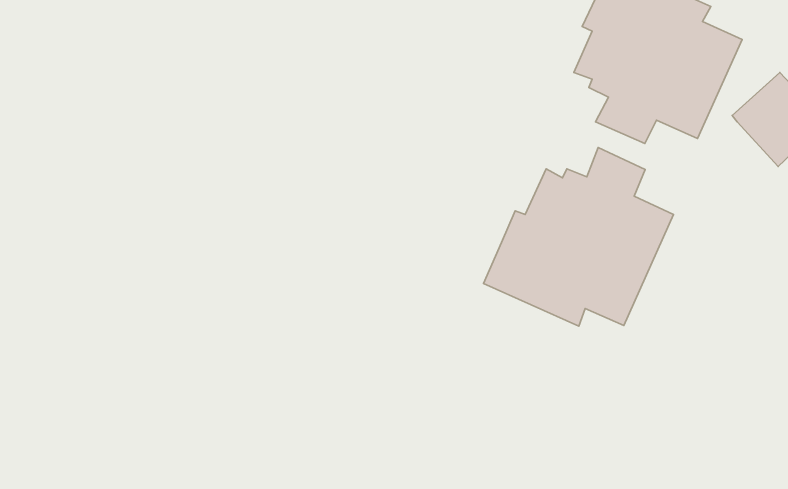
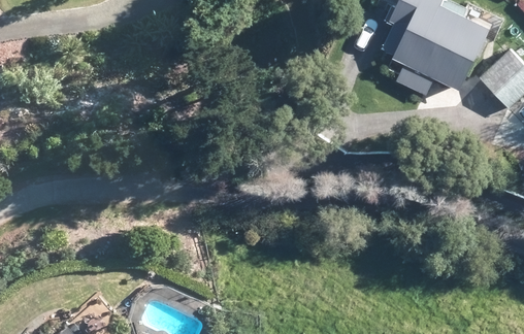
building: [483,147,674,326] -> none

